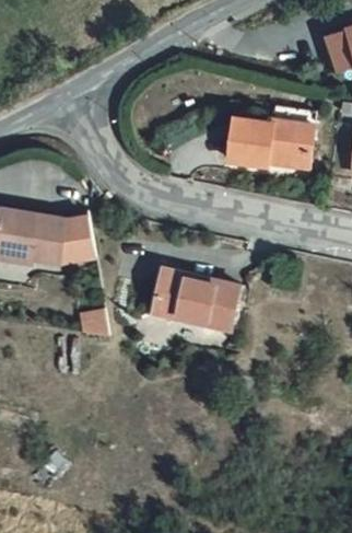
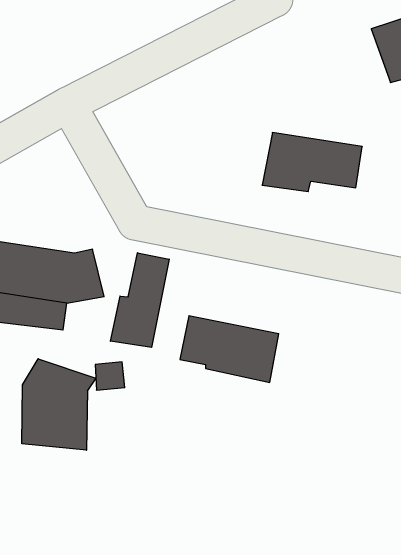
building: none -> [110,253,169,347]
building: none -> [22,359,96,450]

